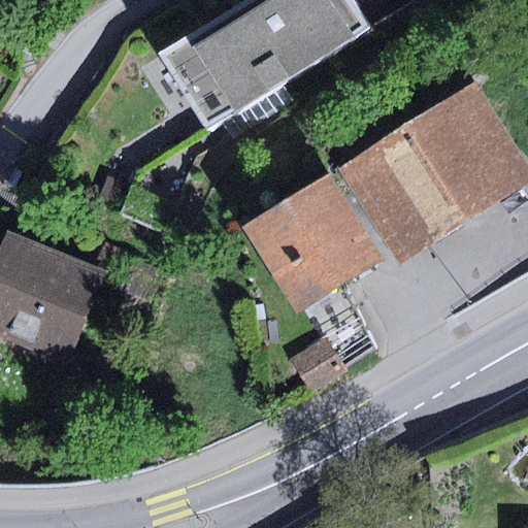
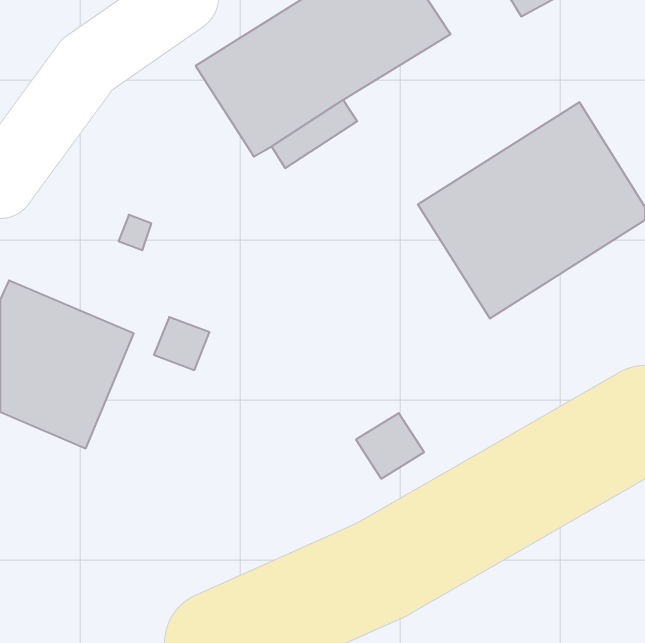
building: [243,173,381,309] -> none

